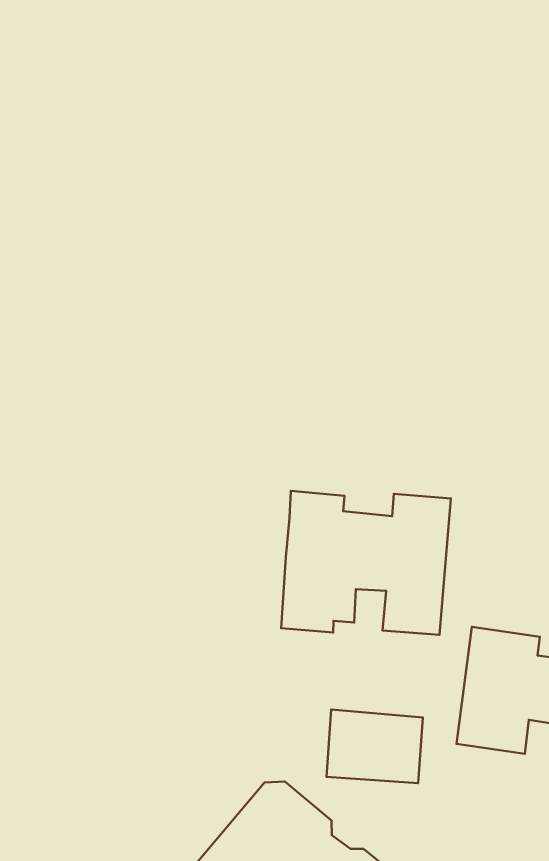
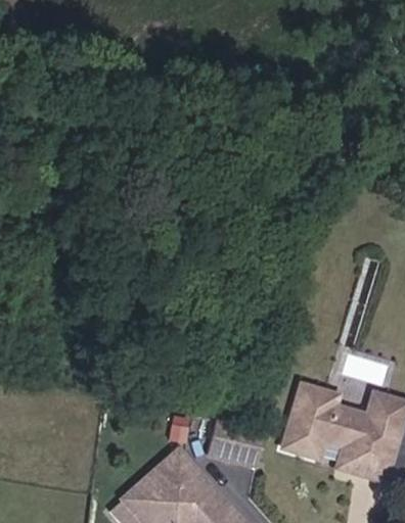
building: [281,491,451,635] -> none

